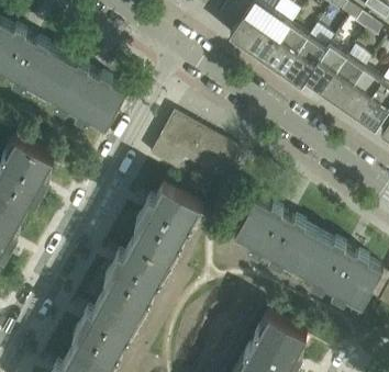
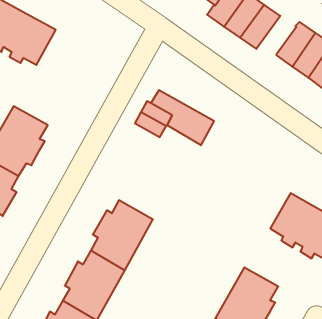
building: [282,37,326,87] -> none
building: [42,53,127,127] -> none
building: [132,183,201,260] -> none
building: [234,196,320,270] -> none

